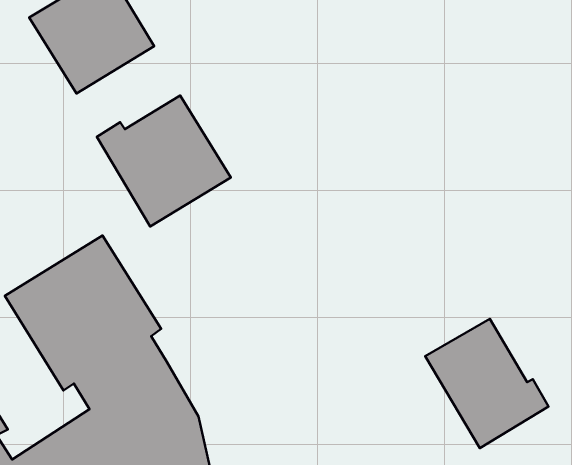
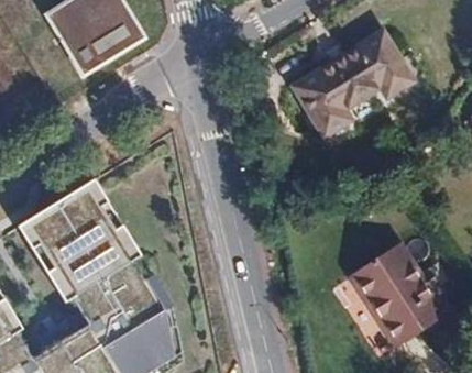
building: none -> [295,30,410,131]
building: [97,95,231,226] -> none

